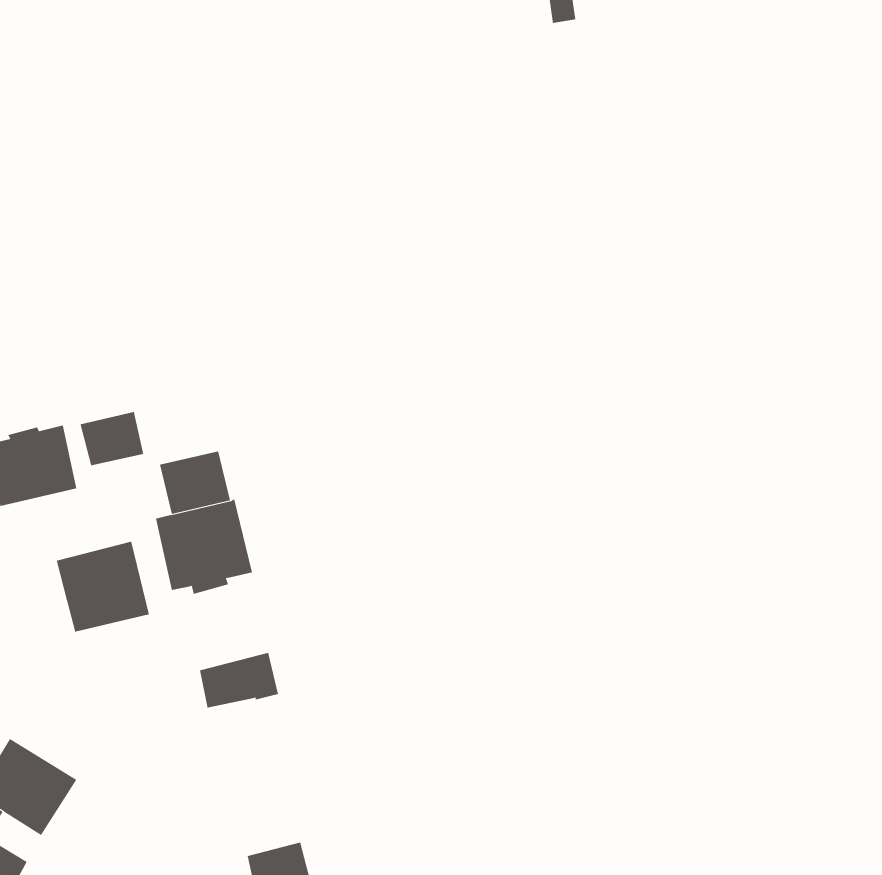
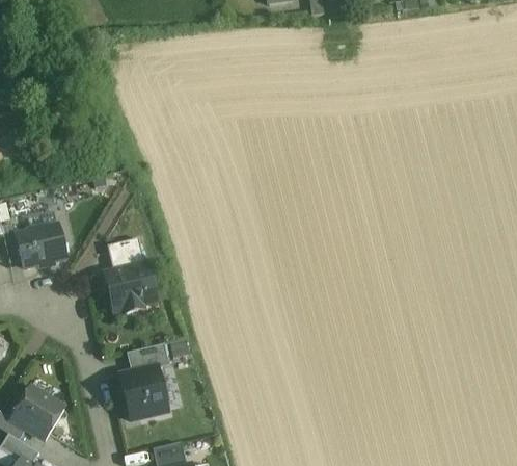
building: [80,411,144,466] -> none
building: [56,541,149,632] -> none
building: none -> [121,367,168,420]

